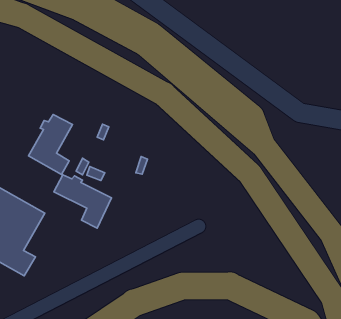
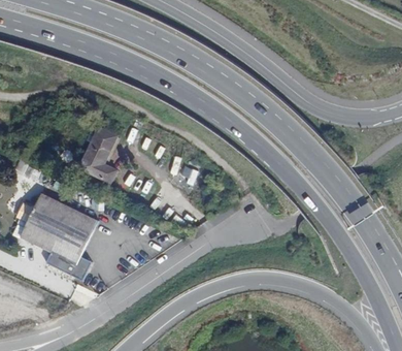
building: [54,175,111,228] -> none

